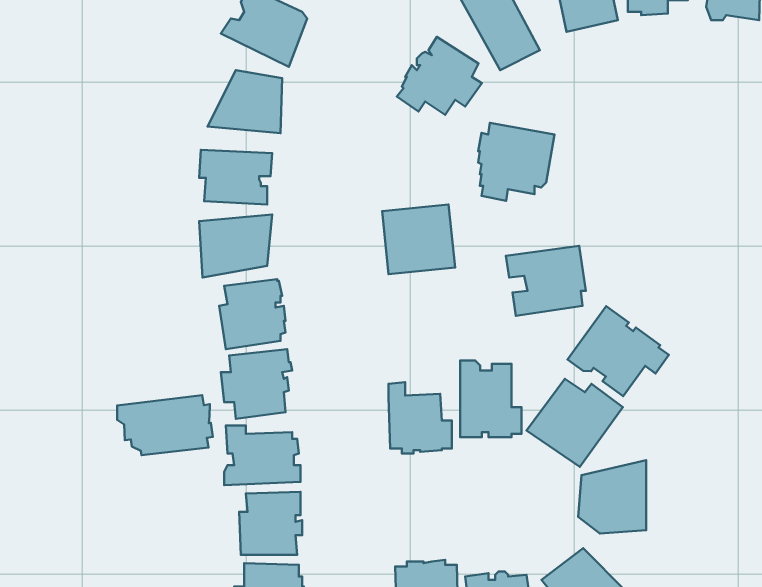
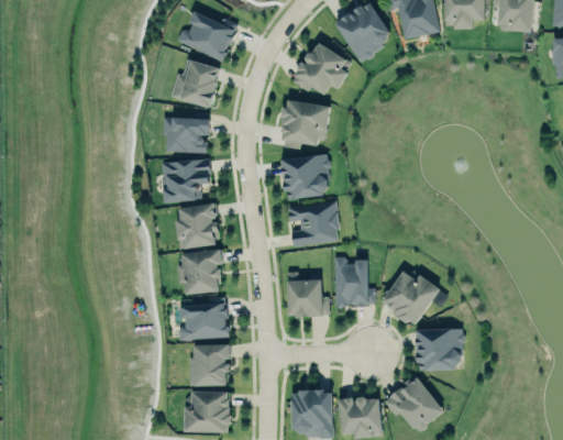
building: [478,123,554,201] -> [280,99,331,151]
building: [506,246,586,316] -> [287,201,340,248]
building: [568,306,669,396] -> none
building: [117,395,213,455] -> none

